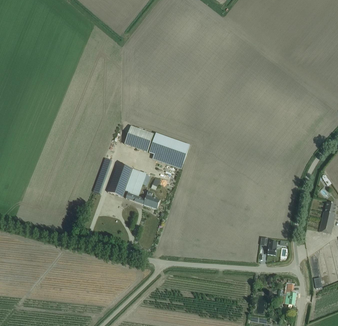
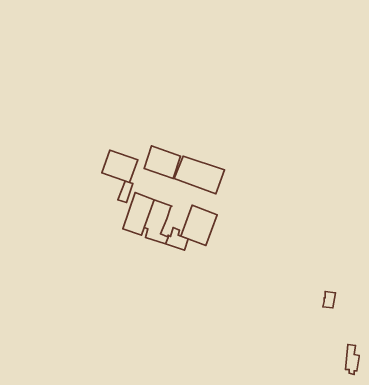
building: none -> [102,150,138,183]
building: none -> [181,205,217,246]

